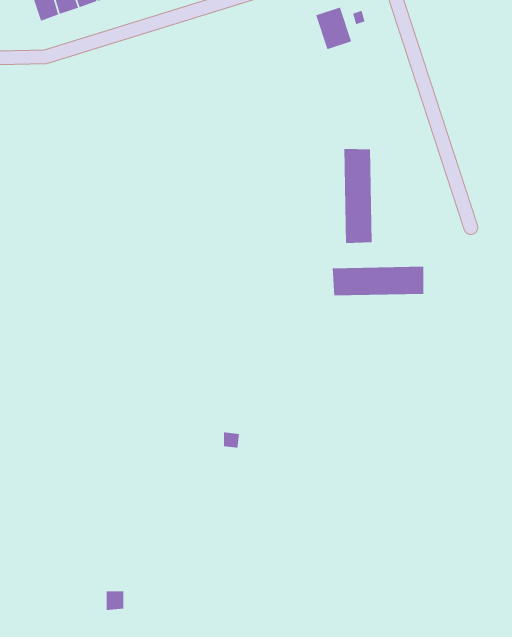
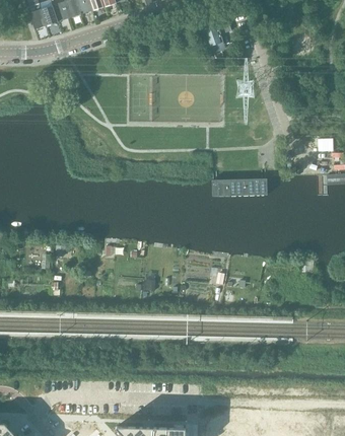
building: [343,148,372,244] -> none

